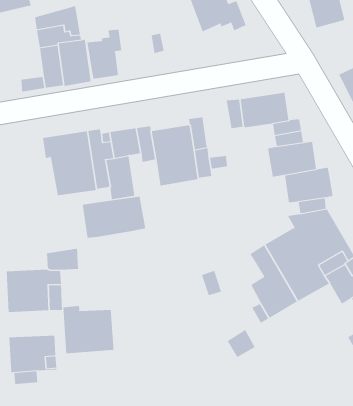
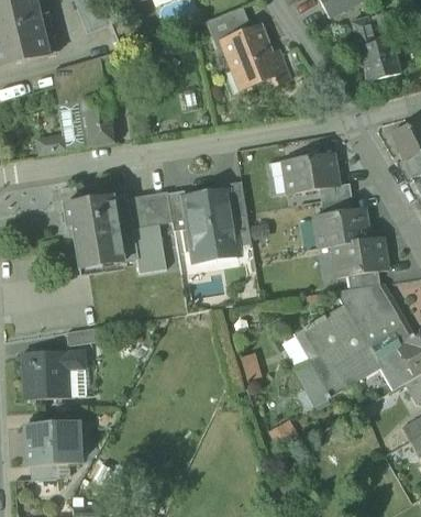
building: [87,29,122,80] -> none
building: [82,196,146,238] -> none
building: [63,305,114,354] -> none

